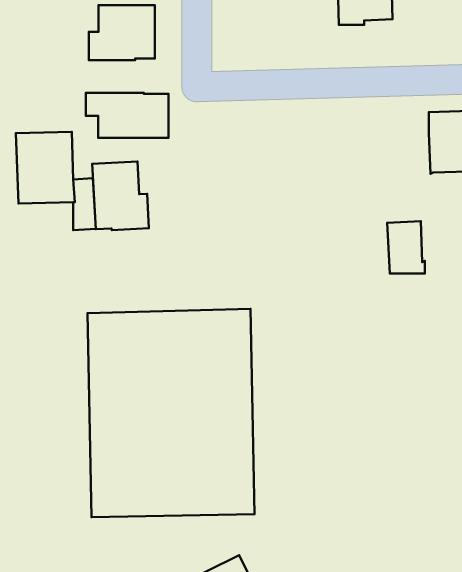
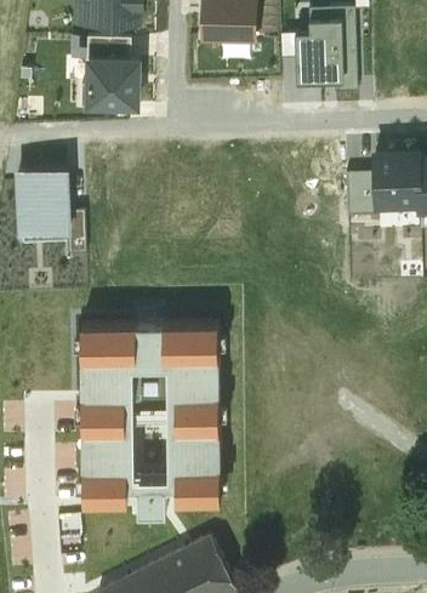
building: [86,93,168,138] -> none
building: [92,161,149,230] -> none
building: [387,221,425,273] -> [345,172,377,217]

